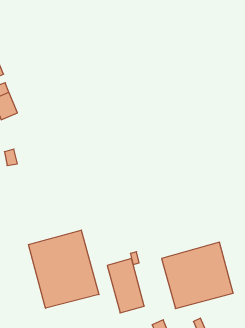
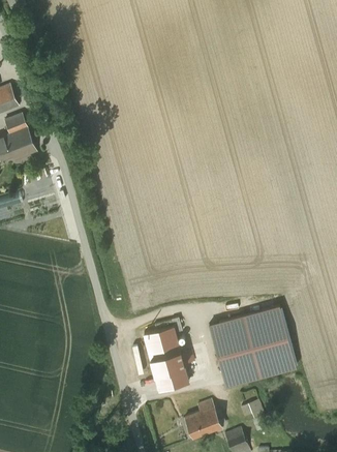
building: [28,230,99,308] -> none

